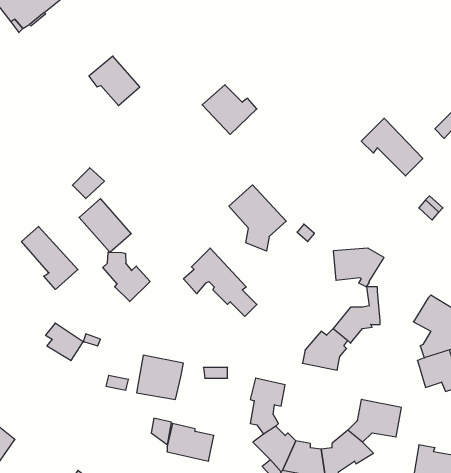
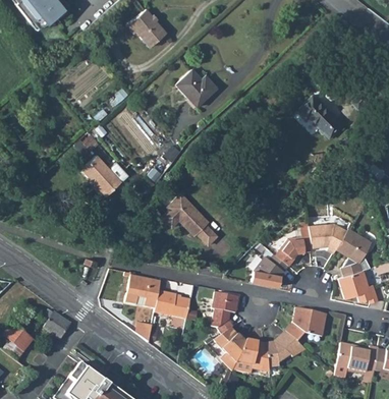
building: [89,56,140,106] -> [127,8,166,46]
building: [229,185,286,251] -> none
building: [21,226,78,289] -> none
building: [333,248,384,287] -> [309,223,347,252]
building: [103,252,150,302] -> none
building: [46,323,83,361] -> [43,308,71,337]
building: [167,424,214,461] -> [155,290,190,319]

